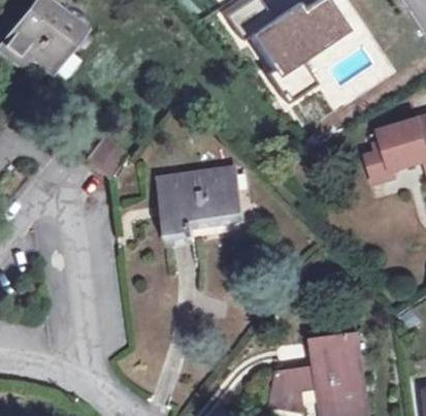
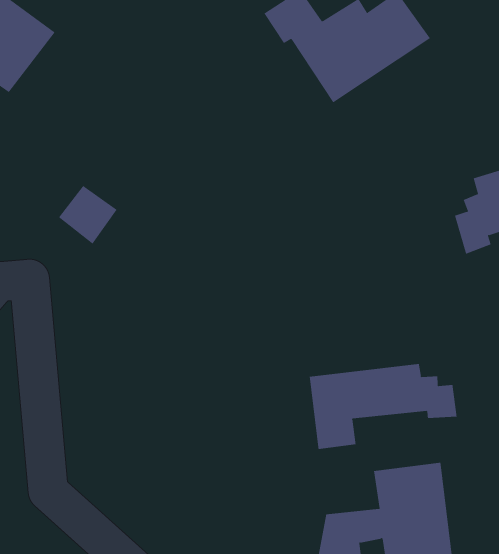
building: [162,169,238,239] -> none
building: none -> [309,363,457,450]

